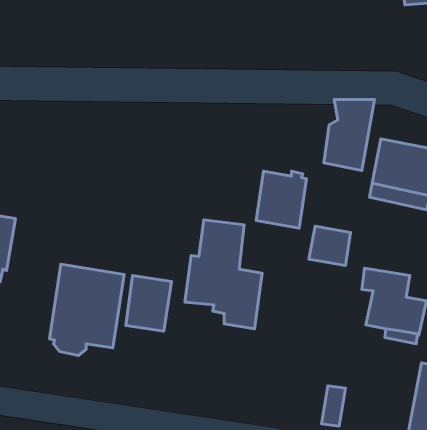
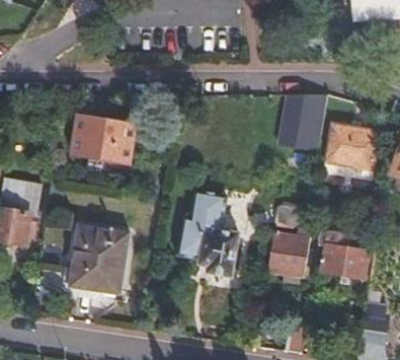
building: none -> [70,117,134,163]
building: [256,171,307,228] -> [268,231,309,277]
building: [126,276,172,331] -> none

